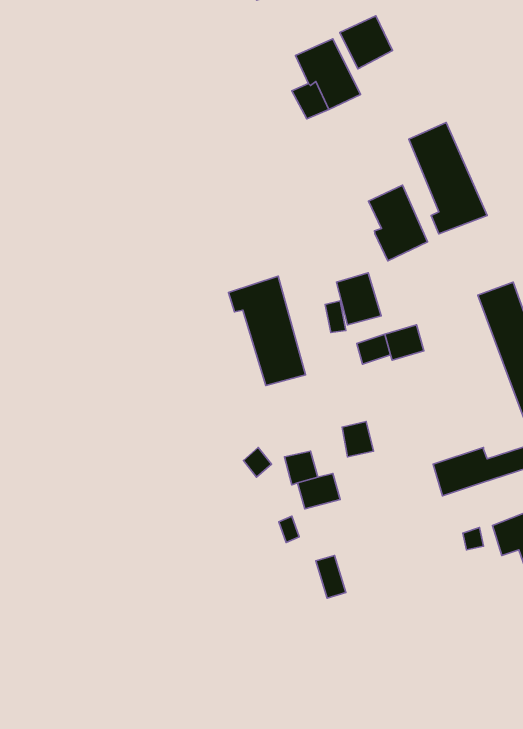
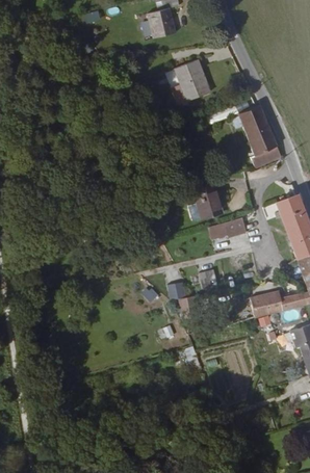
building: [340,16,393,69] -> none
building: [368,185,427,261] -> none
building: [229,276,306,385] -> none

